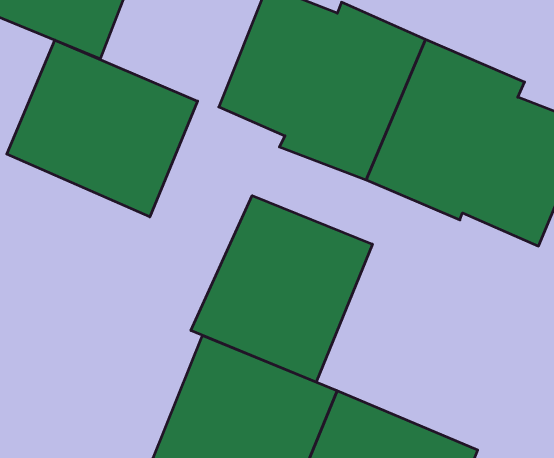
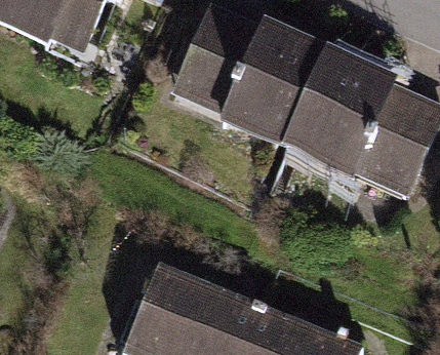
building: [7,40,198,217] -> none
building: [191,196,372,382] -> none

